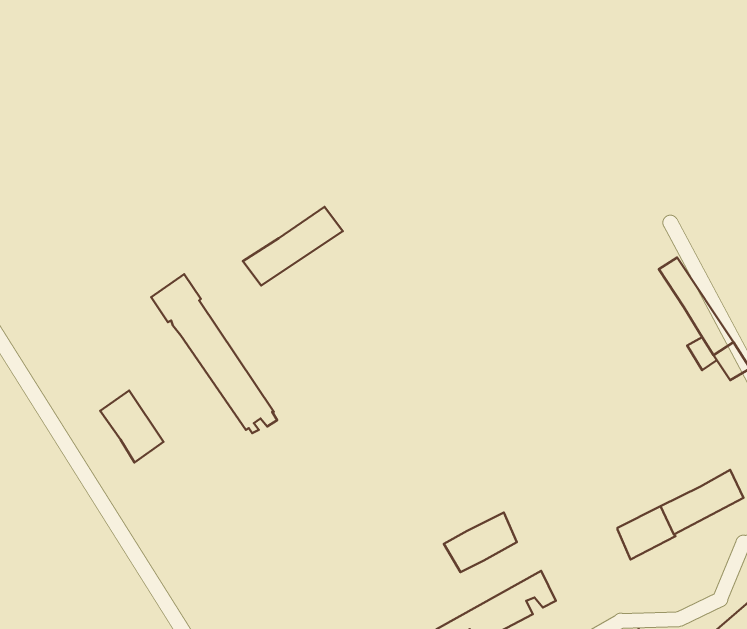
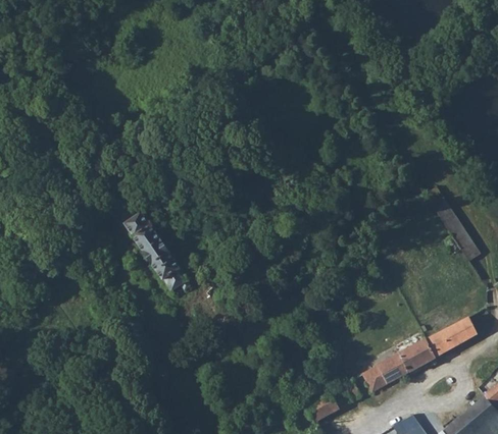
building: [243,207,343,286] -> none
building: [100,390,163,462] -> none
building: [444,512,517,572] -> [362,354,407,390]

